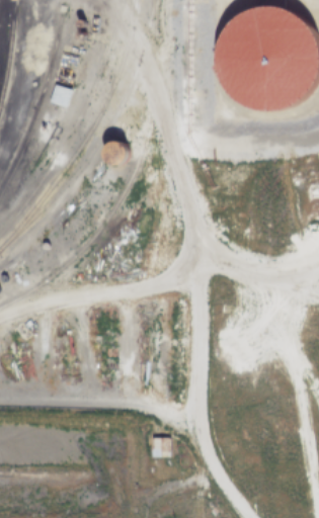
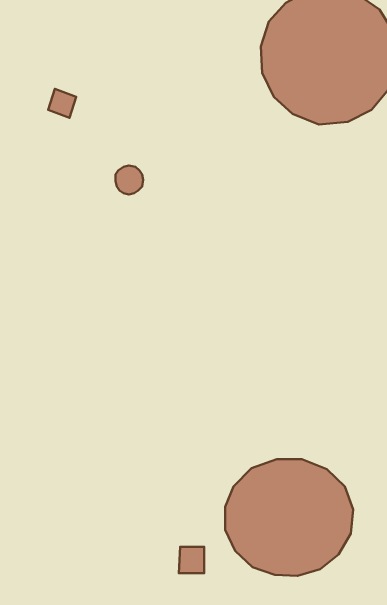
building: none -> [225,459,353,576]

